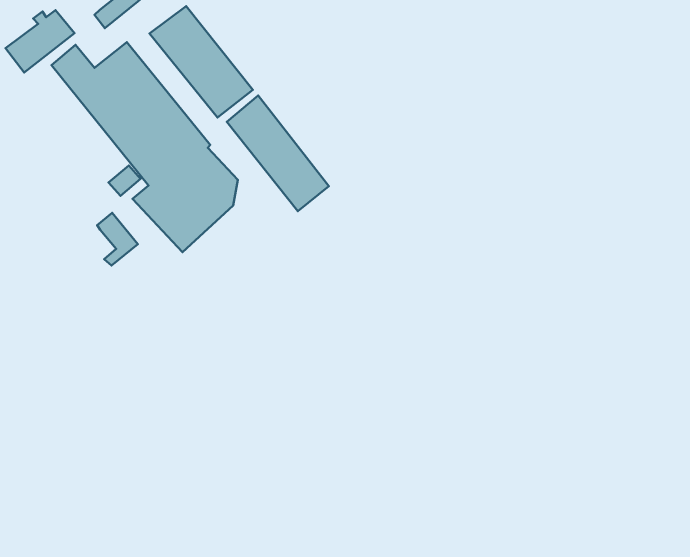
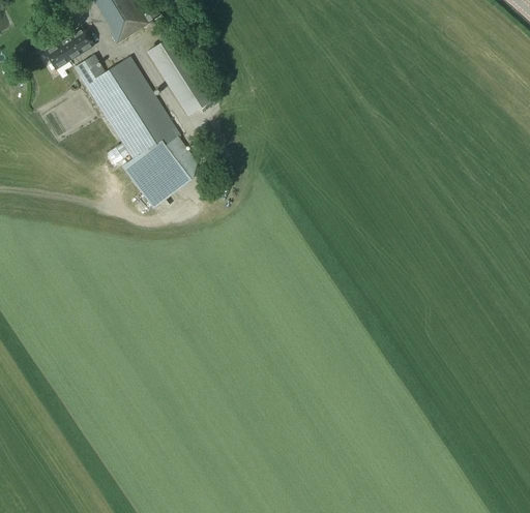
building: [227,95,329,211] -> none
building: [97,213,138,266] -> none

